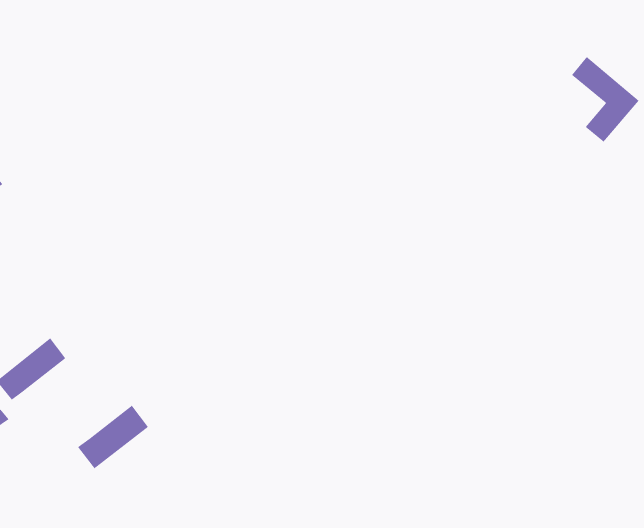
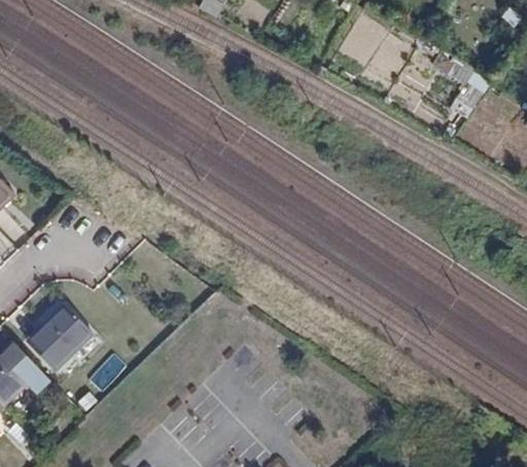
building: [77,405,149,469] -> [39,319,92,370]

